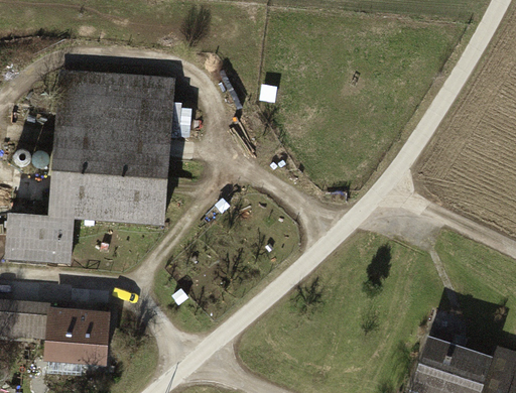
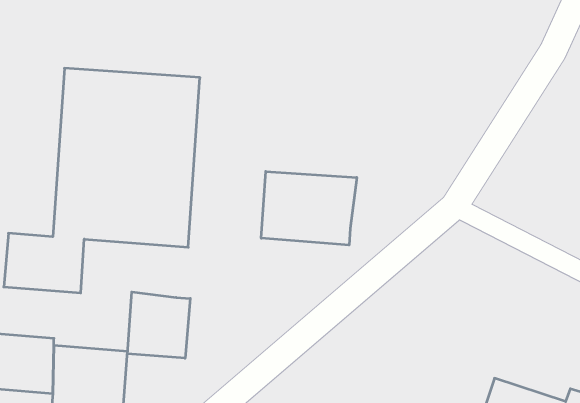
building: none -> [261,171,357,245]
building: none -> [127,292,190,358]

